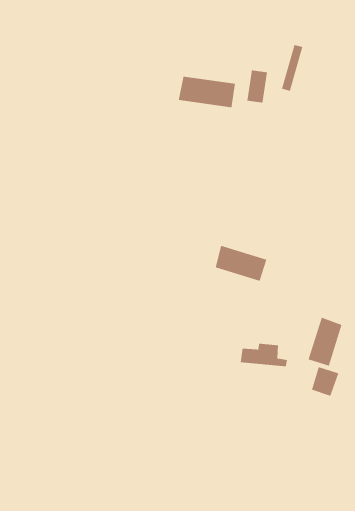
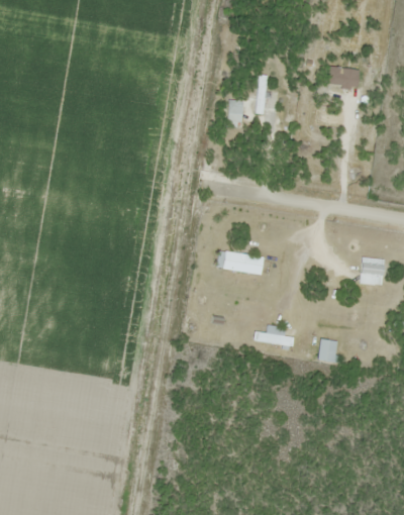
building: [178,76,235,108] -> none
building: [308,317,342,366] -> none

